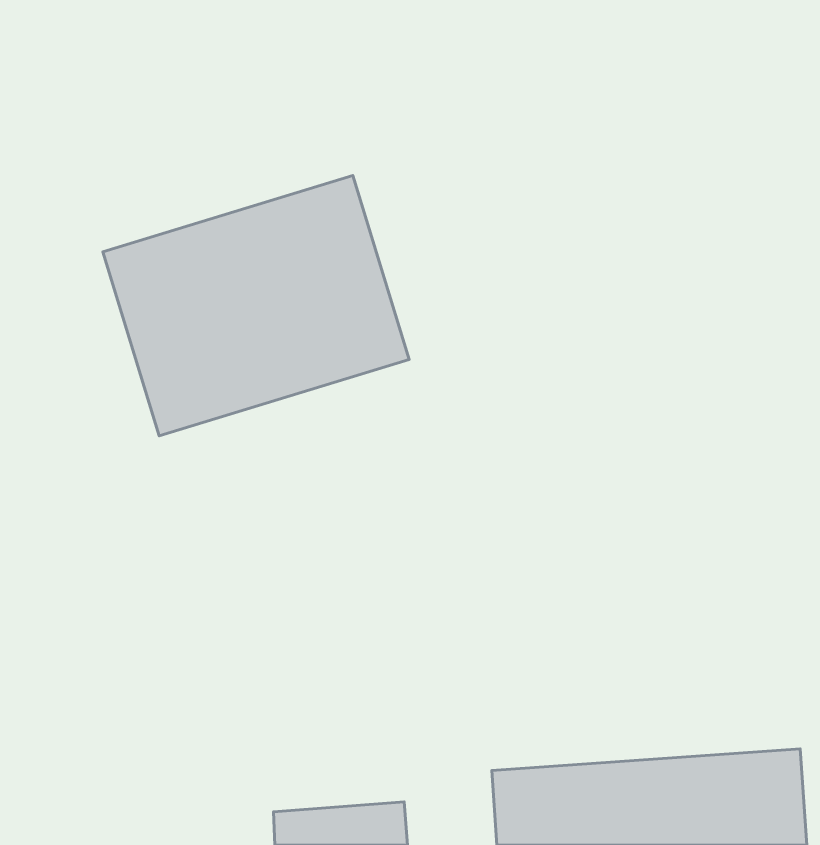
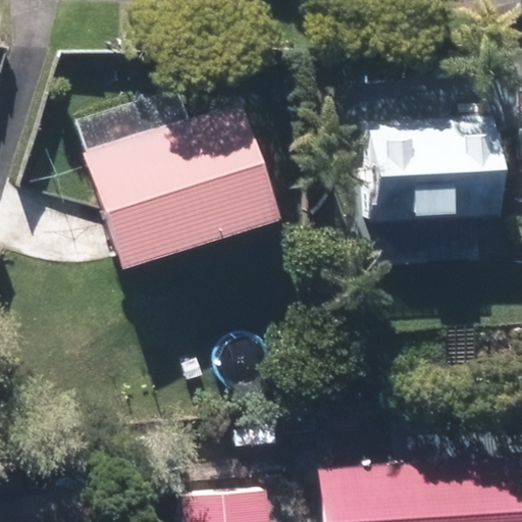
building: none -> [366,119,494,222]

